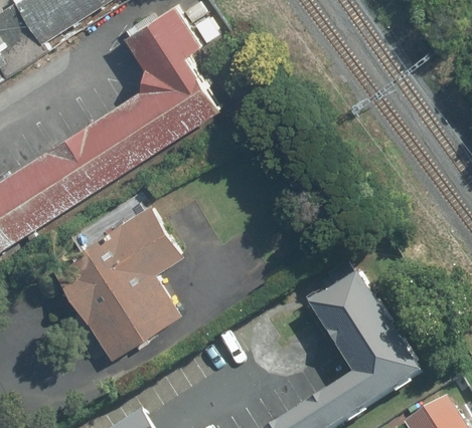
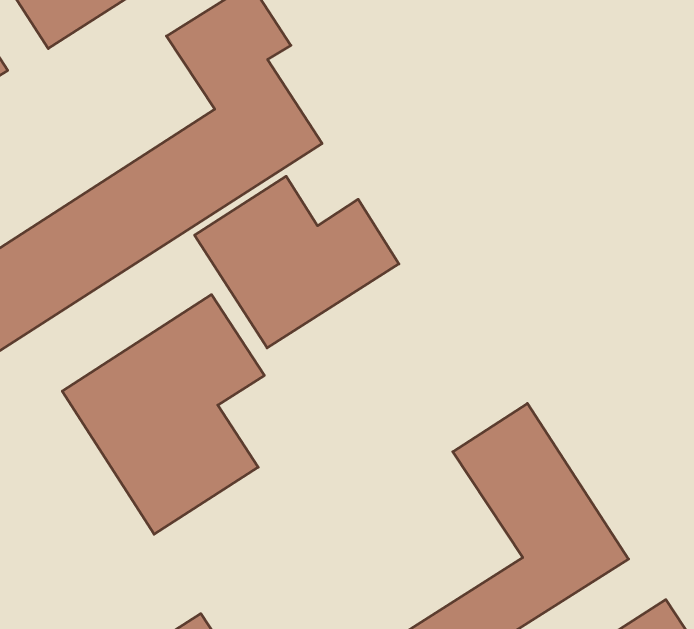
building: none -> [195,176,399,348]

